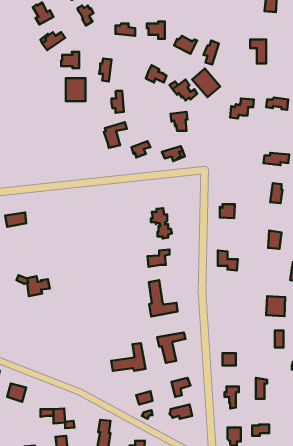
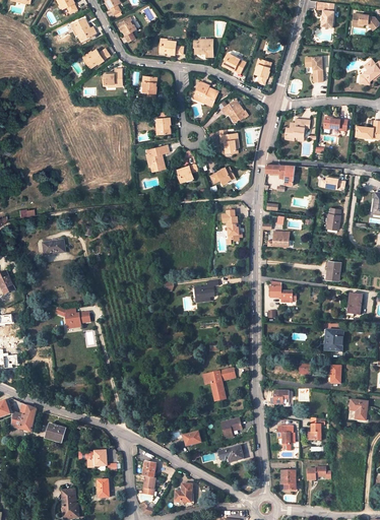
building: [192,68,220,97] -> none
building: [66,78,85,101] -> none
building: none -> [264,164,295,185]
building: [151,208,172,238] -> [220,210,243,243]
building: [149,280,177,316] -> none
building: [111,343,146,371] -> none

